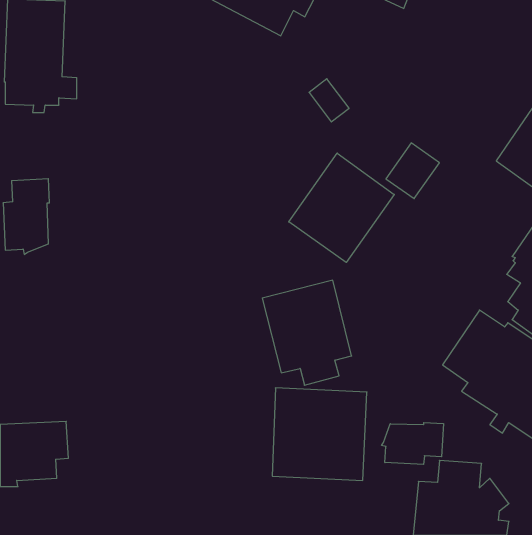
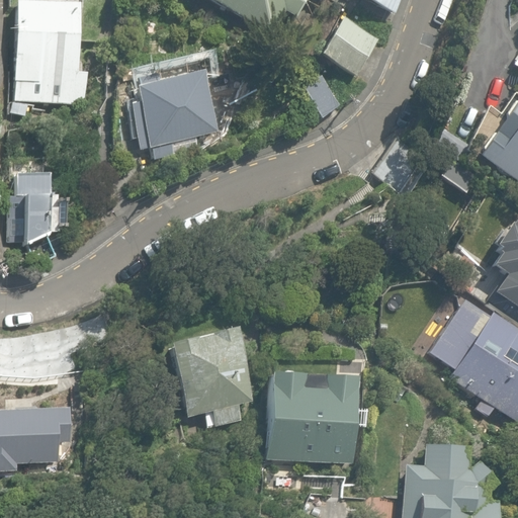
building: none -> [321,17,380,76]
building: none -> [137,56,220,161]
building: [289,153,394,262] -> none
building: [262,280,352,385] -> [169,327,255,428]
building: [382,423,443,464] -> none

